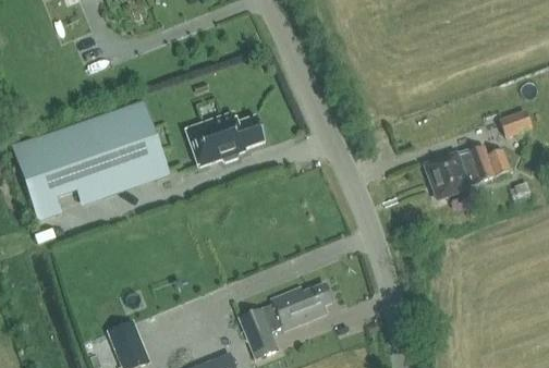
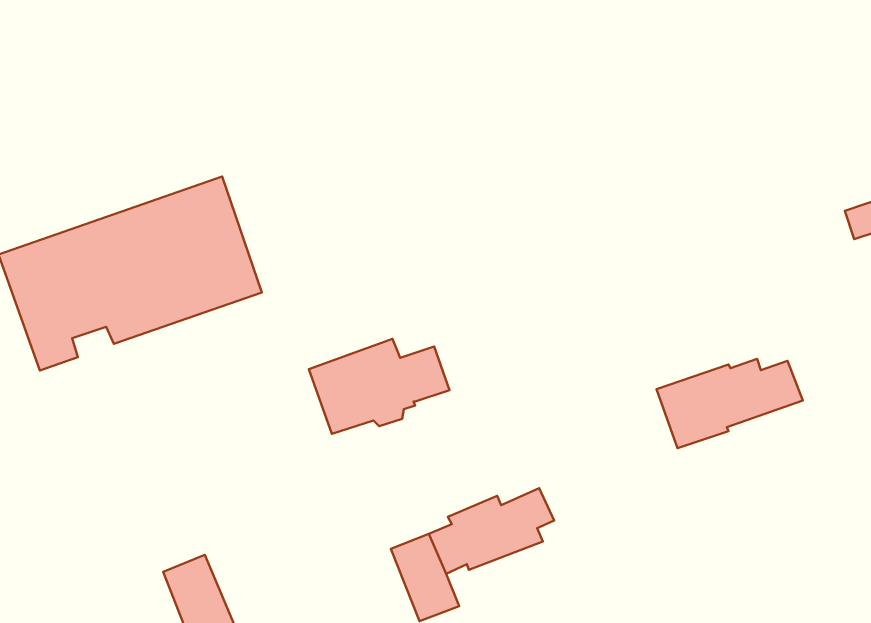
building: [185,110,266,164] -> [309,339,449,434]
building: [426,146,510,197] -> [657,359,803,448]

